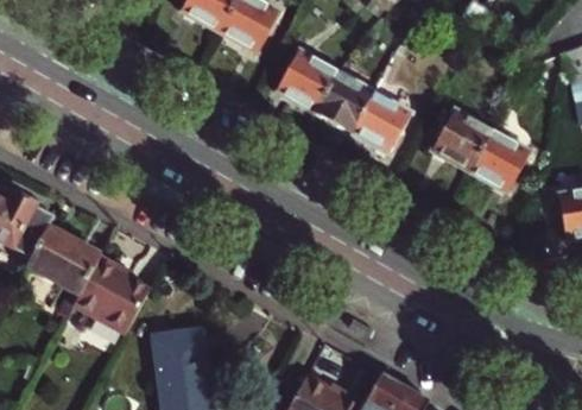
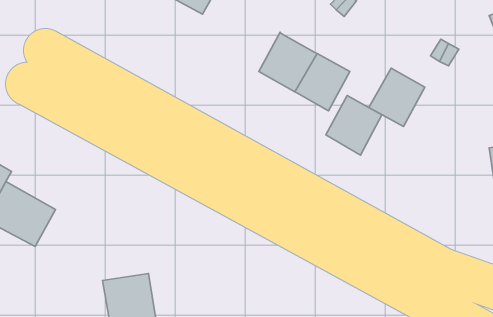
building: [279,49,340,111] -> none
building: [470,127,530,190] -> [326,96,382,155]
building: [81,257,152,326] -> none

